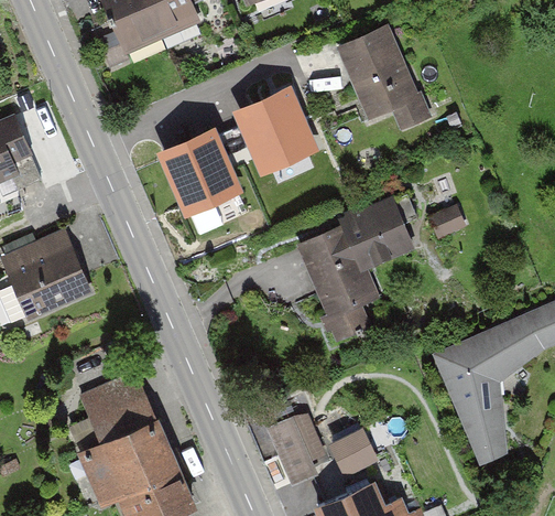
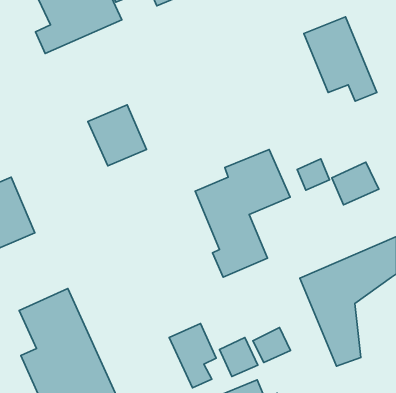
building: [337,25,429,132] -> [304,17,377,101]
building: [240,93,313,170] -> none
building: none -> [332,162,379,205]
building: none -> [253,327,290,363]

